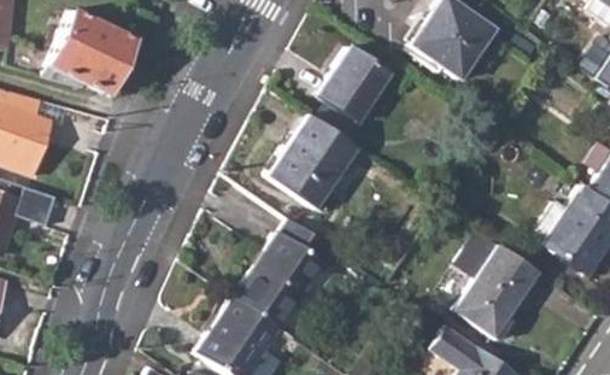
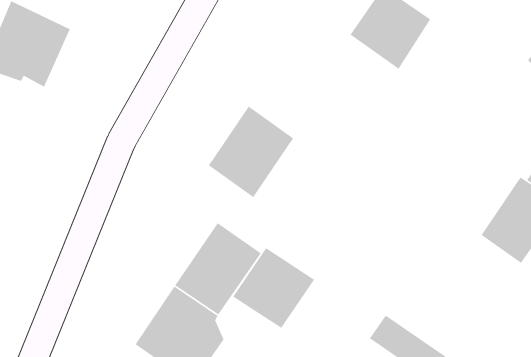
building: [319,43,392,121] -> none
building: [456,244,539,336] -> none
building: none -> [232,247,315,329]

